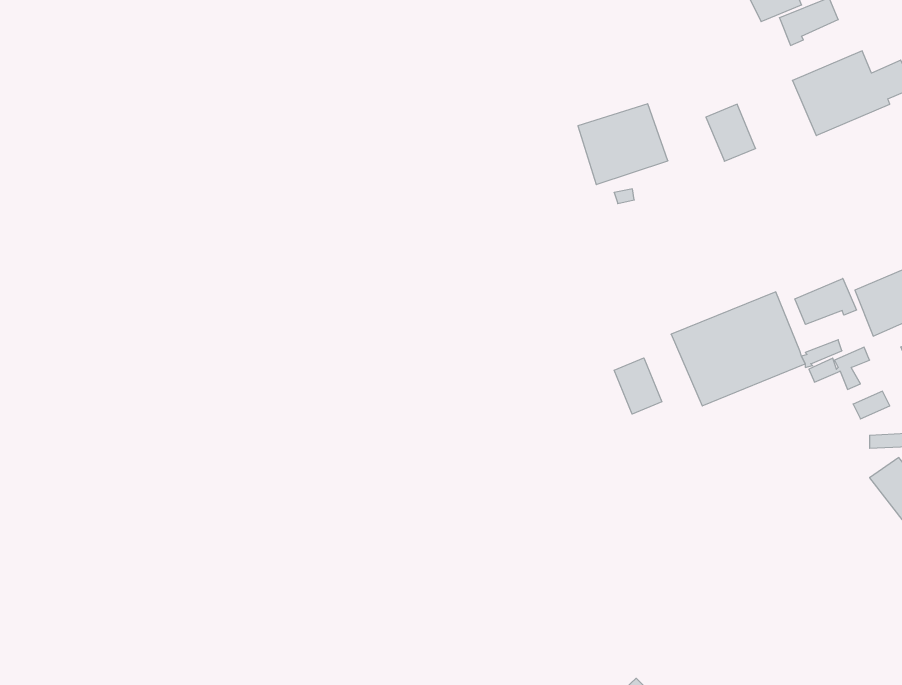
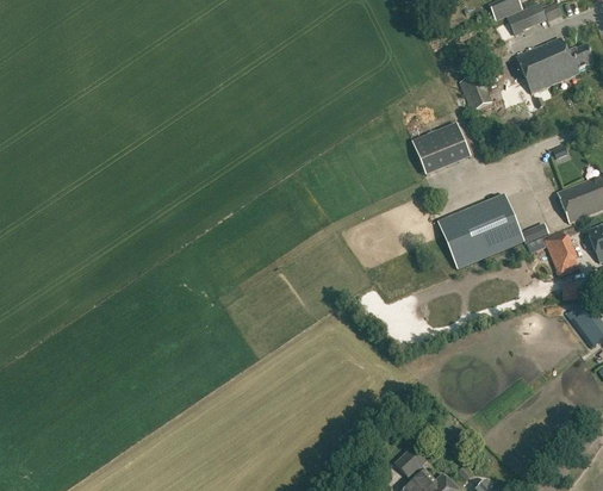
building: [578,104,668,185] -> [416,118,474,170]
building: [795,278,856,324] -> none
building: [614,358,662,414] -> none

